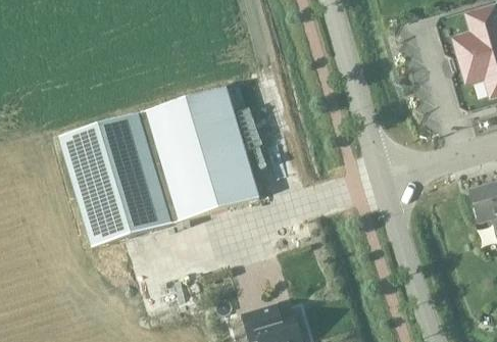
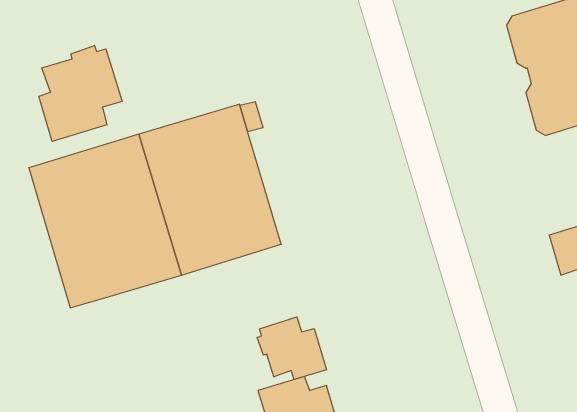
building: none -> [39,45,122,141]
building: none -> [257,317,327,379]

